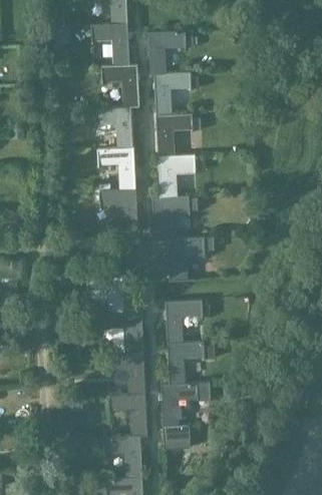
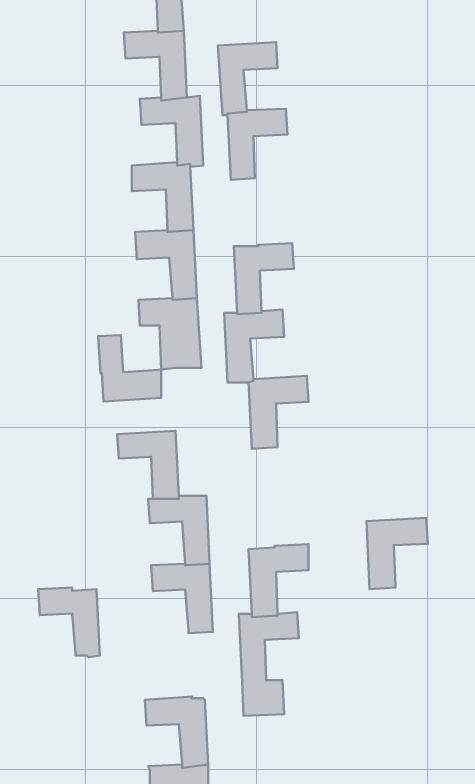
building: [156,114,194,158] -> none
building: none -> [98,335,161,401]
building: [166,302,204,346] -> [366,518,428,589]
building: [109,396,147,439] -> [38,587,100,657]

